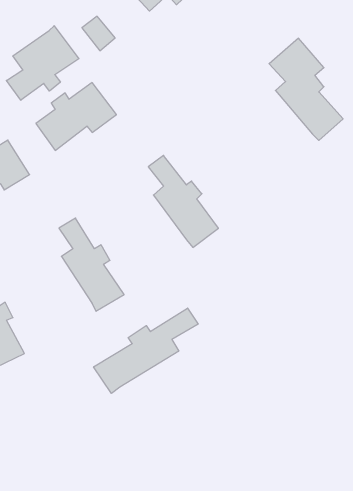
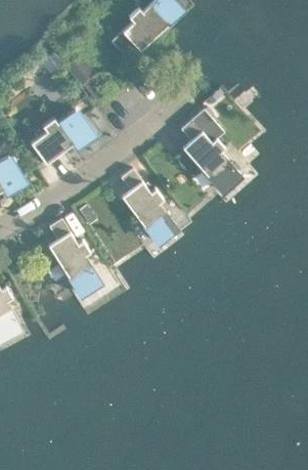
building: [6,26,79,100] -> none
building: [269,38,343,140] -> [181,110,240,191]
building: [94,308,198,393] -> none

